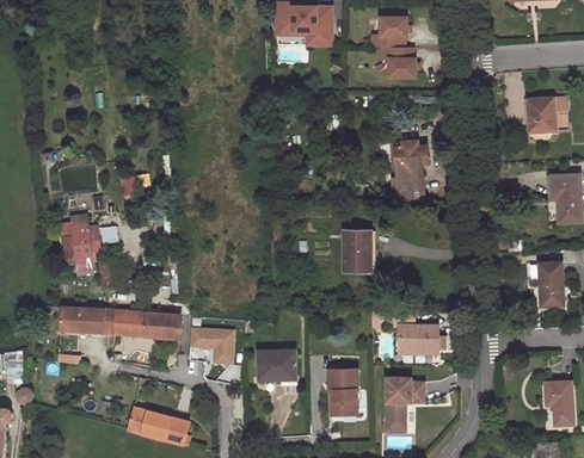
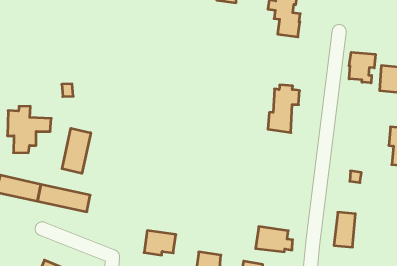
building: none -> [349,52,375,83]
building: [343,230,370,271] -> none
building: none -> [62,128,91,173]
building: [537,262,563,307] -> [334,212,355,247]
building: [190,328,235,363] -> none

